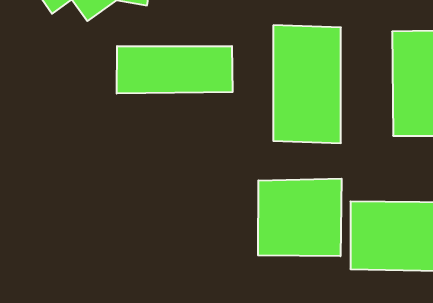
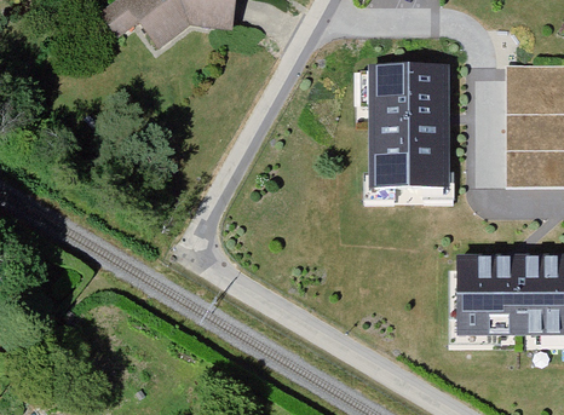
building: [117,46,233,94] -> none
building: [258,179,342,256] -> none

